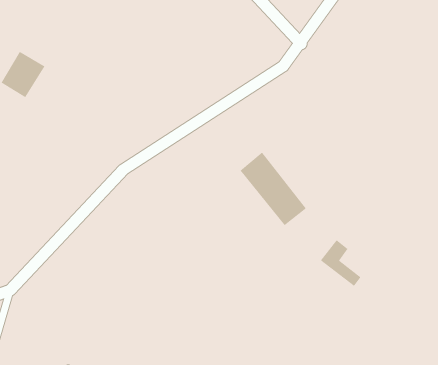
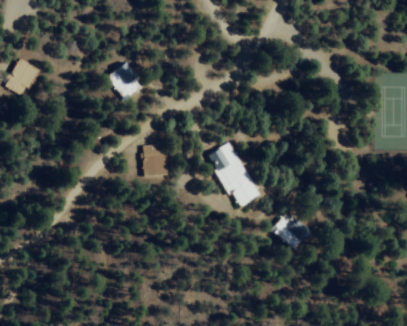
building: none -> [105,61,143,101]
building: none -> [142,143,167,177]

